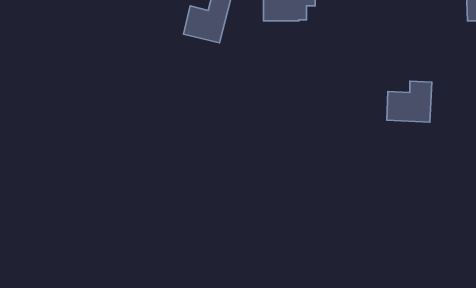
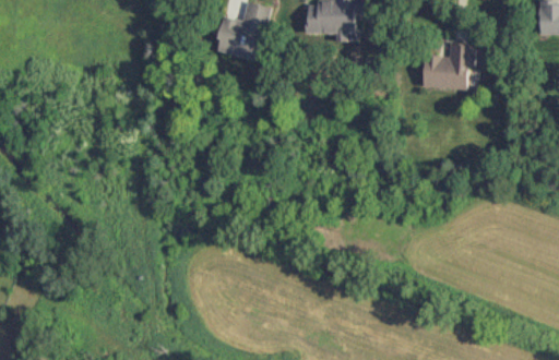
building: [387,81,432,122] -> [423,44,474,91]

